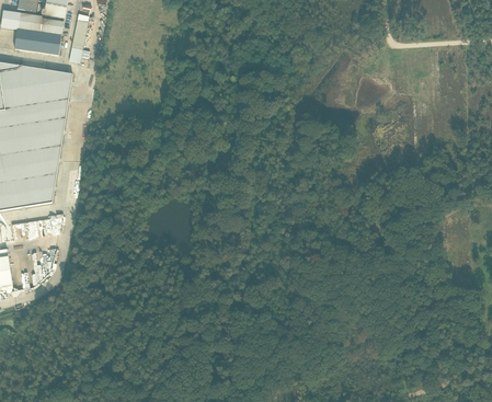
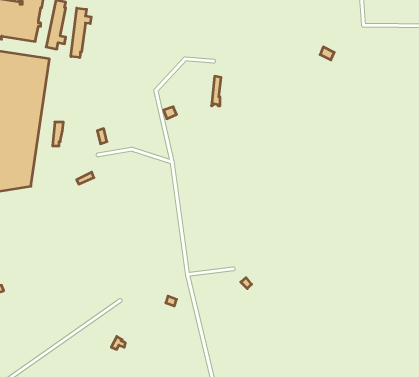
building: none -> [71,8,91,58]

